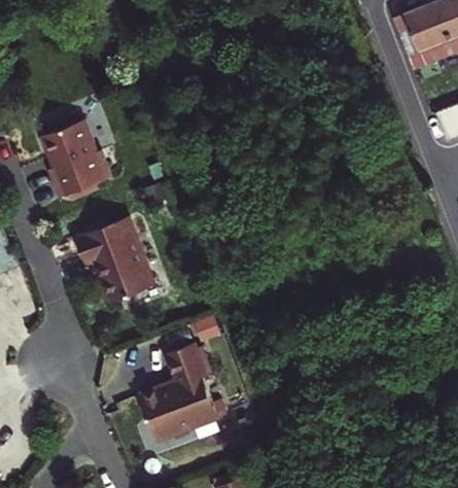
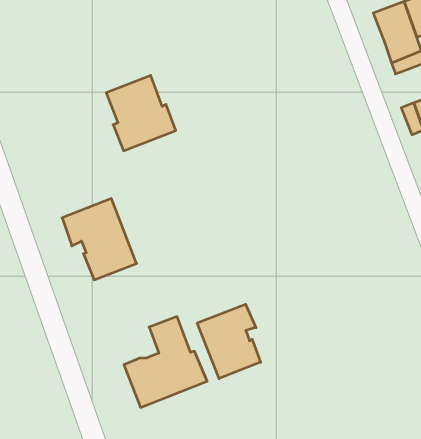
building: [39,117,113,198] -> [106,75,176,151]
building: none -> [197,304,261,379]

